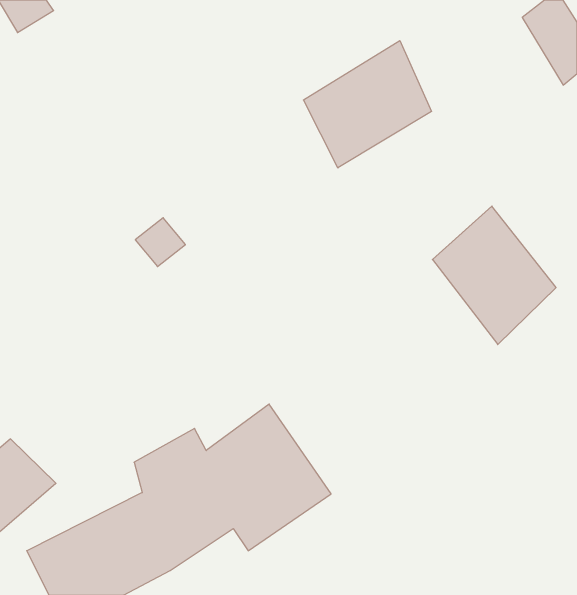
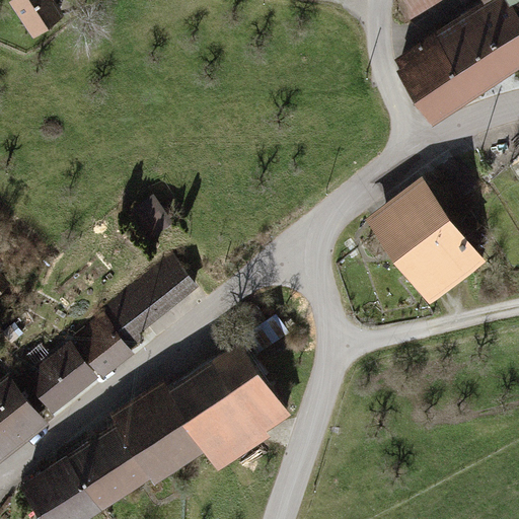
building: none -> [396,15,490,114]
building: [303,41,432,168] -> none
building: none -> [34,262,201,403]

